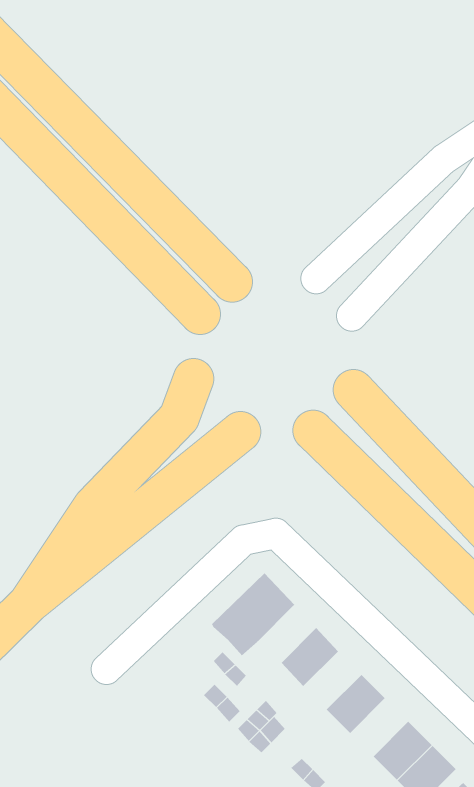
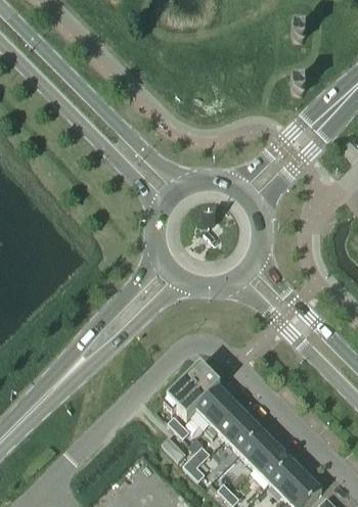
building: none -> [196,386,233,422]
building: none -> [225,415,262,452]
building: none -> [255,445,292,481]

